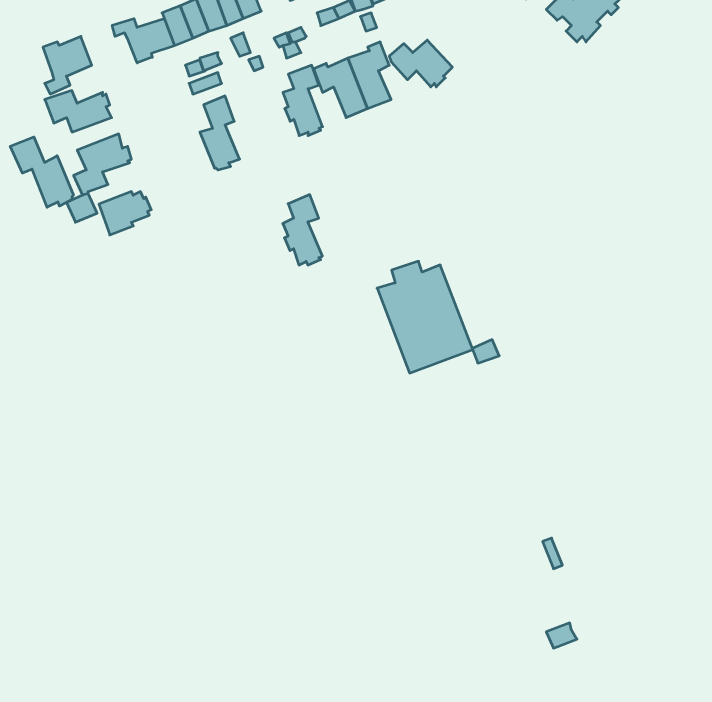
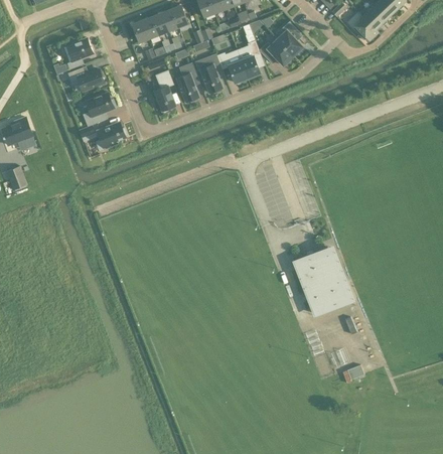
building: none -> [280,22,302,54]
building: [112,18,174,63] -> none
building: [10,137,73,207] -> none
building: [283,195,322,265] -> [176,62,198,102]
building: [377,261,473,373] -> [294,251,347,313]

